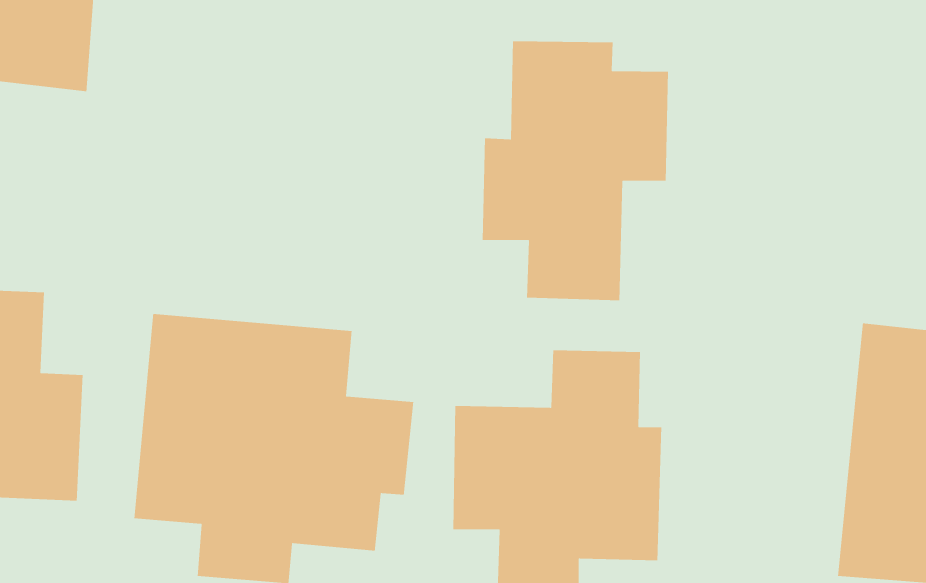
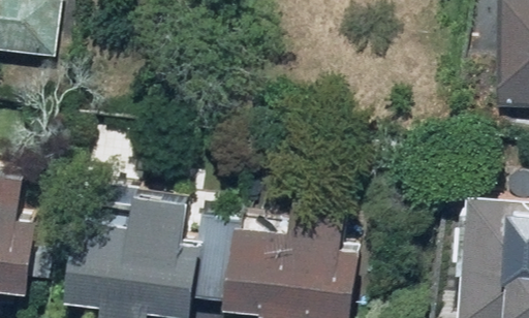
building: [482,41,669,301] -> none

